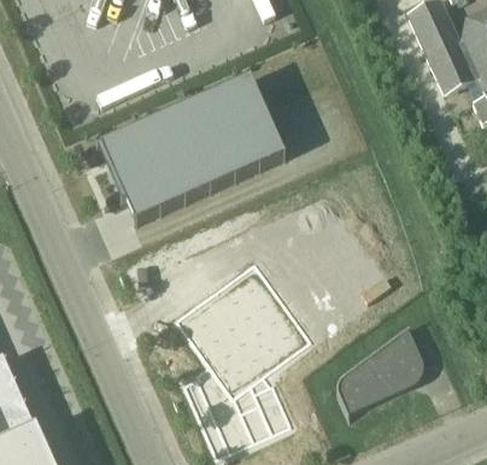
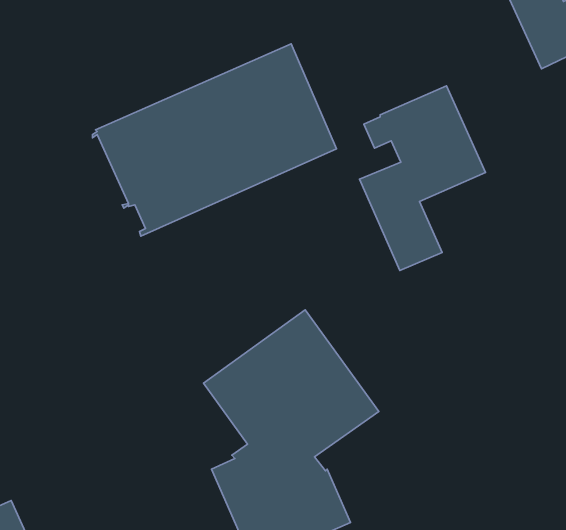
building: none -> [360,86,485,271]
building: [336,318,418,411] -> none

